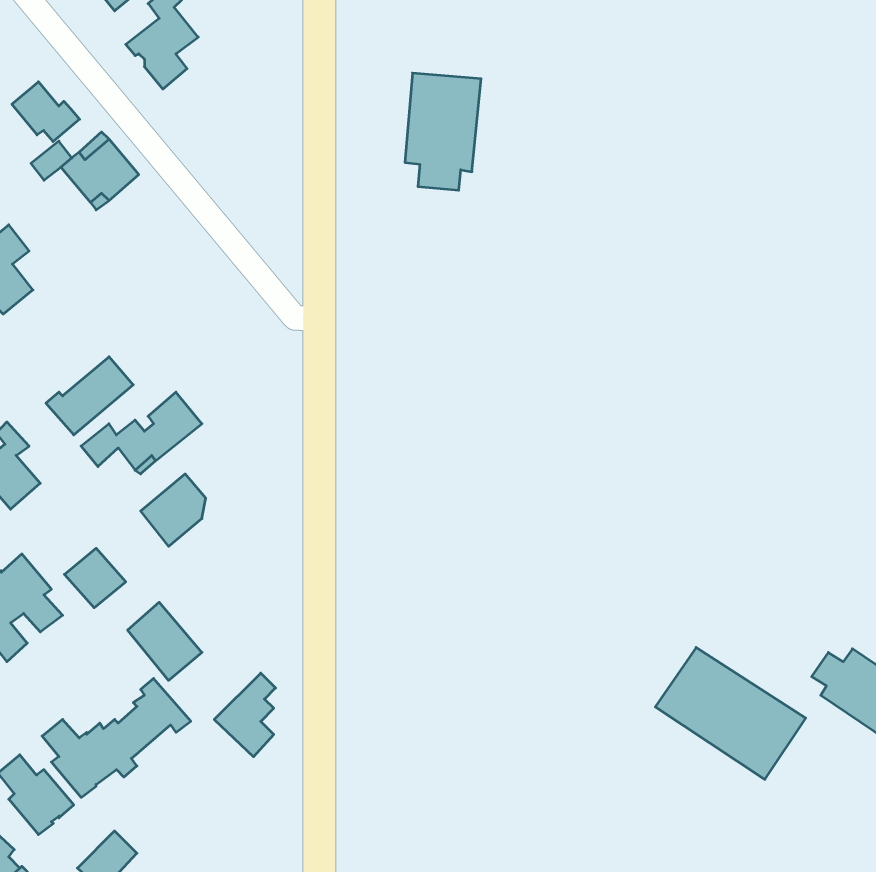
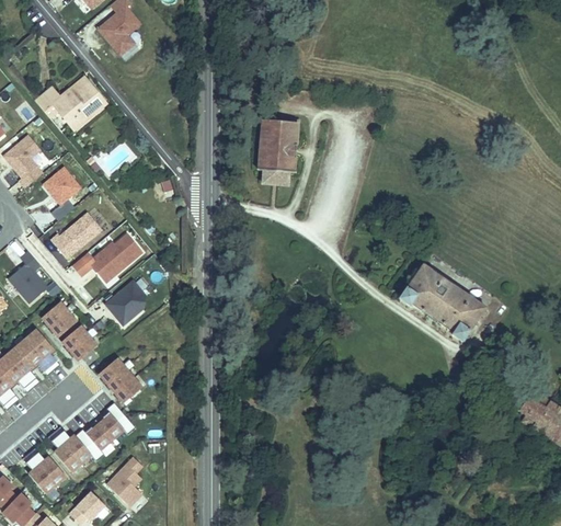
building: [405,73,481,190] -> [252,121,297,190]
building: [12,82,80,142] -> none
building: none -> [43,165,81,219]
building: none -> [42,300,77,336]
building: [655,647,806,779] -> [394,263,483,341]
building: [214,673,276,757] -> [106,456,142,505]

